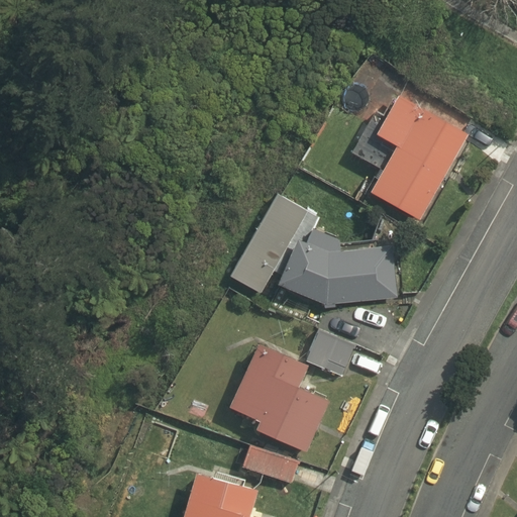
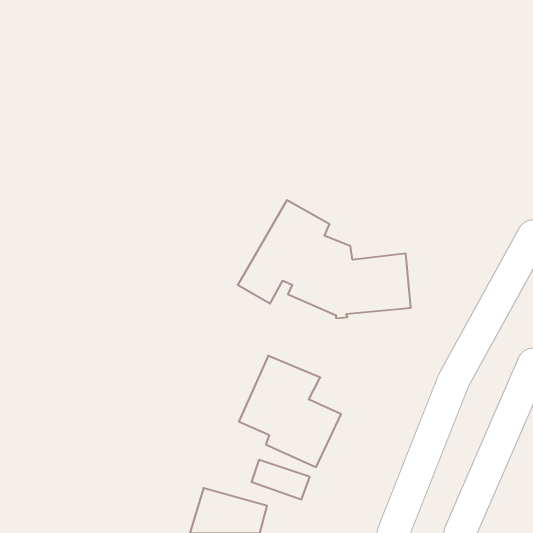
building: [353,96,469,220] -> none
building: [305,328,355,376] -> none

